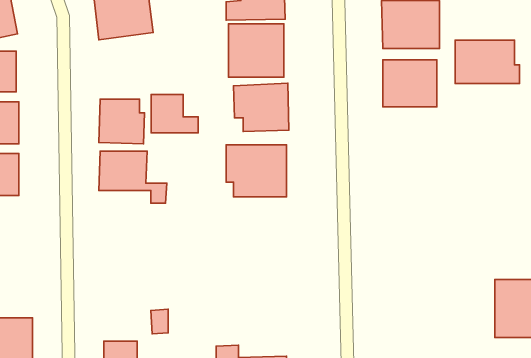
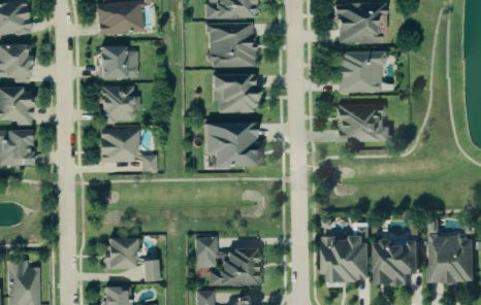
building: [455,40,519,83] -> [336,104,390,140]
building: [151,94,198,133] -> [98,45,137,77]
building: none -> [323,226,370,283]
building: none -> [196,237,260,285]
building: none -> [104,238,134,268]
building: none -> [375,241,418,285]

